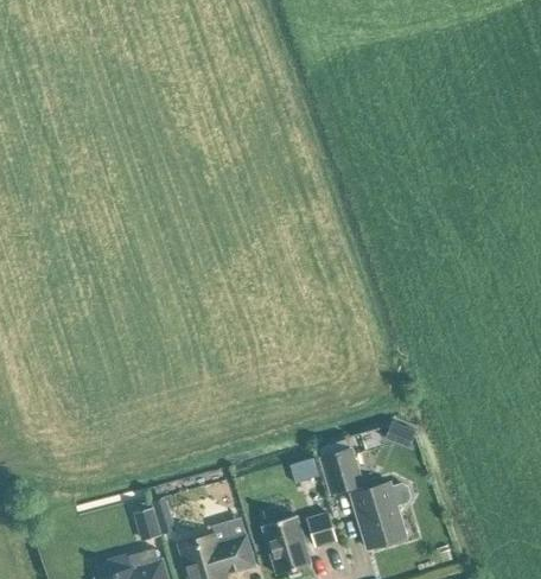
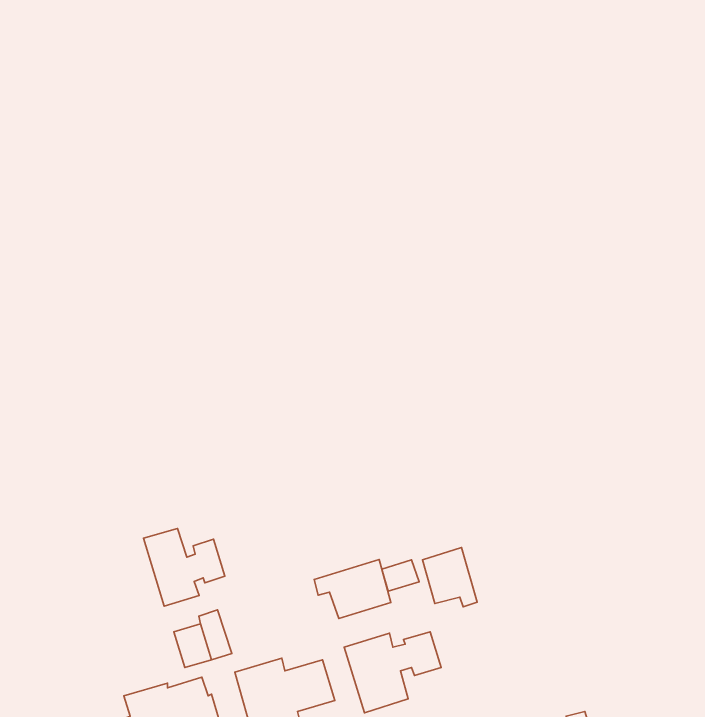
building: none -> [144,528,225,606]
building: none -> [314,559,391,619]
building: [351,483,412,547] -> none

